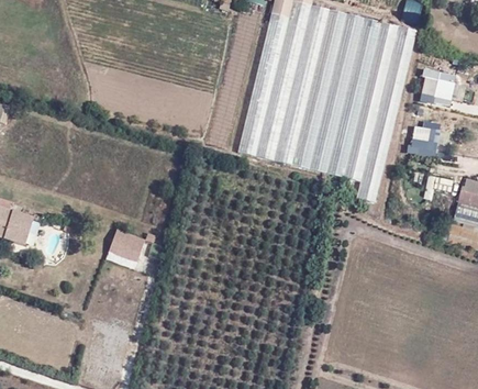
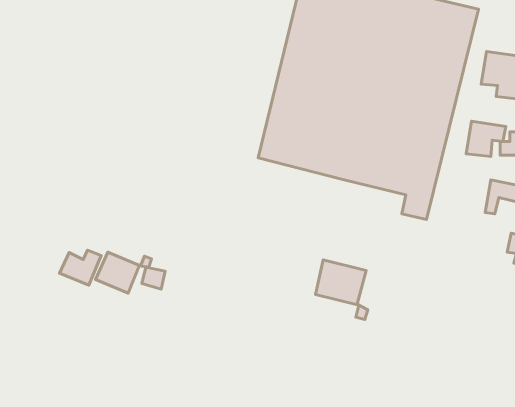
building: none -> [59,250,101,285]
building: none -> [316,260,368,320]

